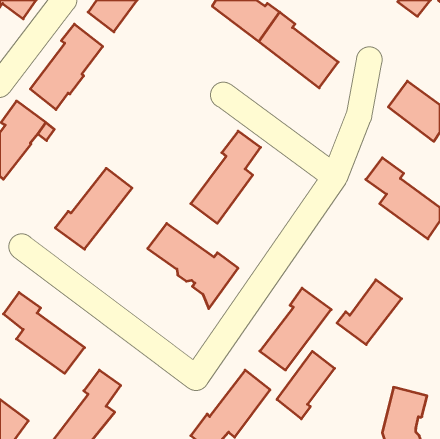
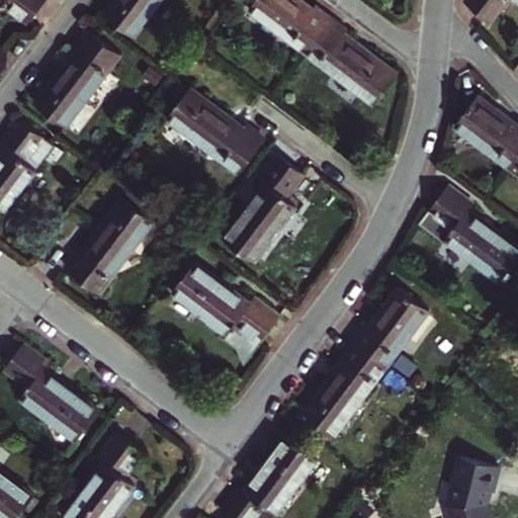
building: none -> [167,90,265,174]
building: [337,280,402,345] -> [354,289,430,365]
building: [277,351,335,419] -> none

